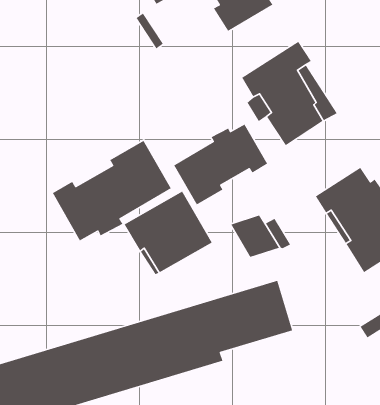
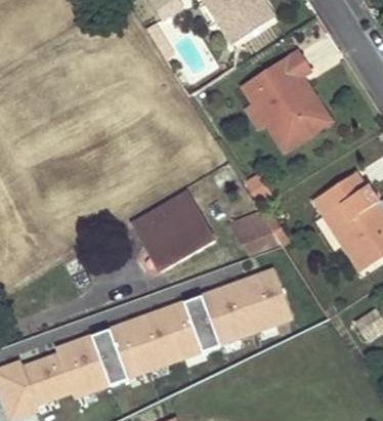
building: [173,123,268,206] -> none
building: [52,140,172,242] -> none

